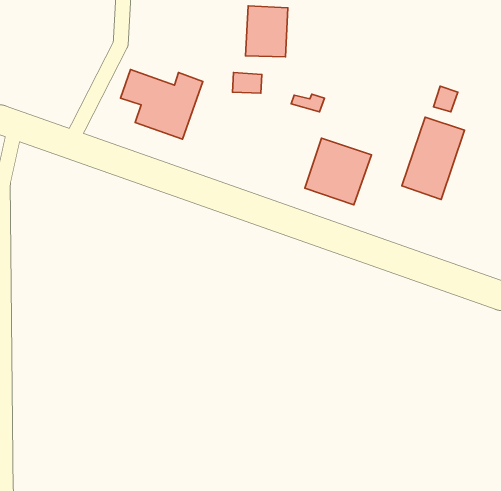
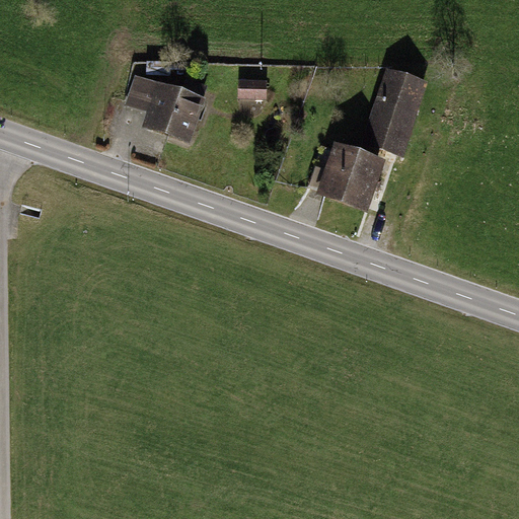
building: [246,6,288,57] -> none
building: [402,117,465,200] -> [364,67,429,152]

